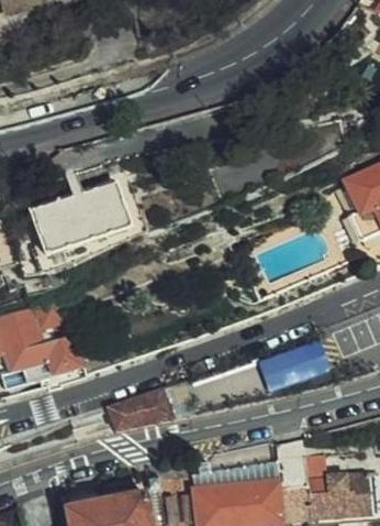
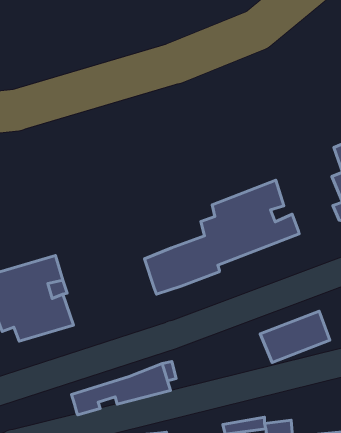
building: [30,180,126,249] -> none
building: none -> [144,180,299,294]

